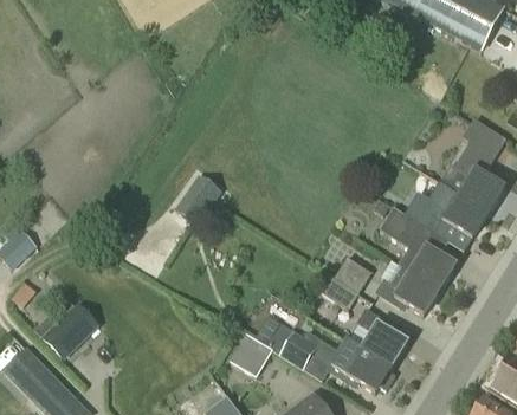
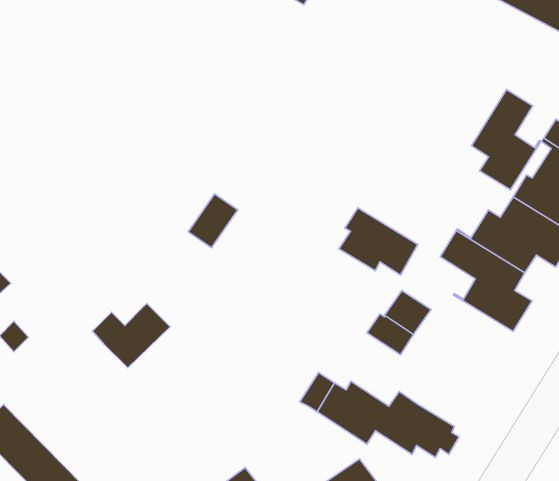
building: none -> [471,89,541,190]
building: [375,260,439,315] -> [339,208,418,275]
building: [35,305,98,357] -> [93,303,170,368]
building: [357,307,407,367] -> none
building: [231,332,273,376] -> none

